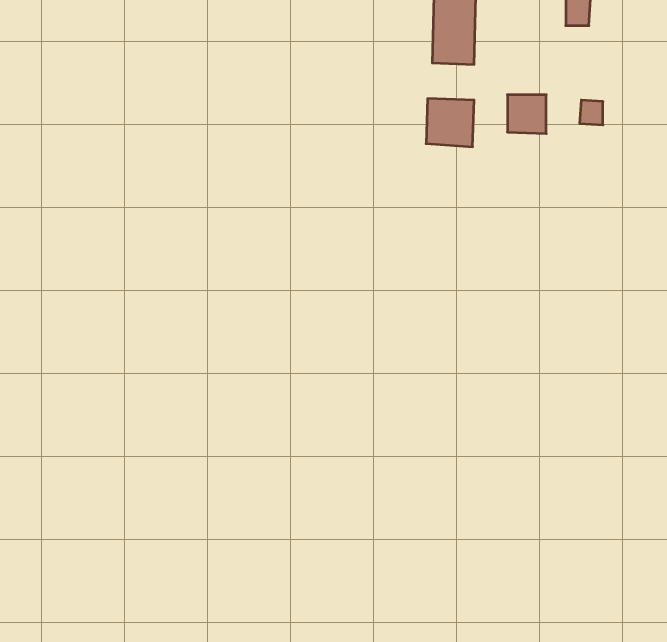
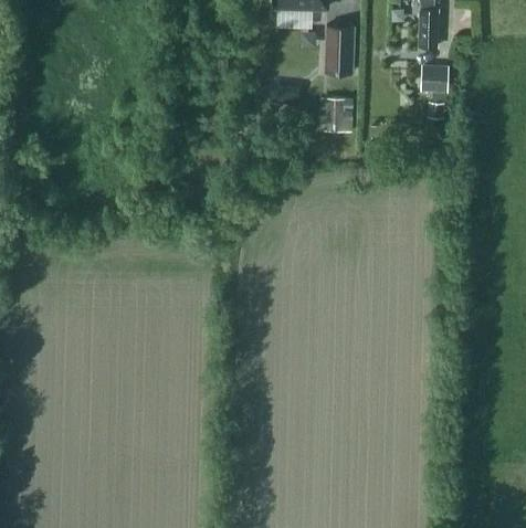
building: [507,95,546,134] -> [420,65,448,93]

